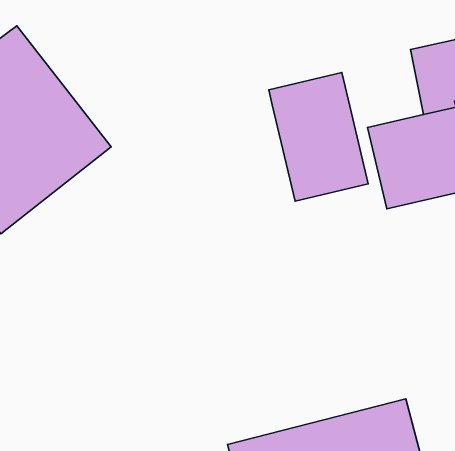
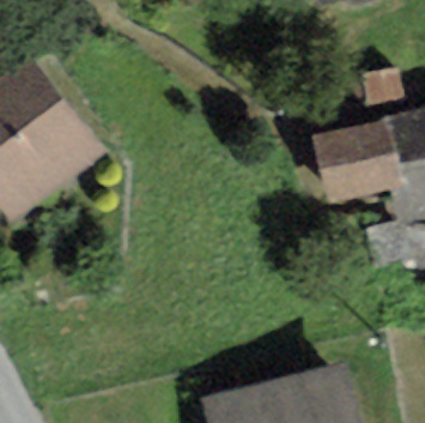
building: [269,73,368,201] -> none

